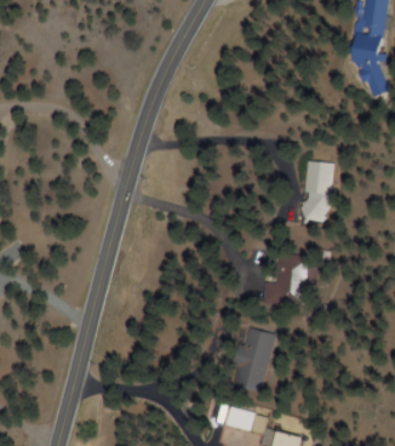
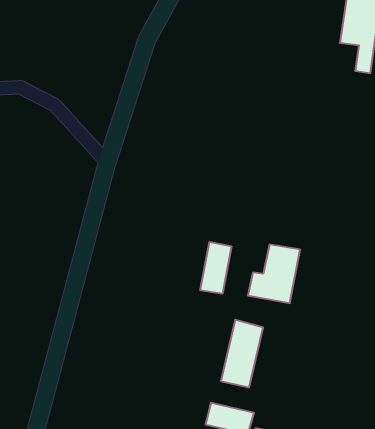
building: [303,161,334,222] -> none
building: none -> [200,242,231,294]

